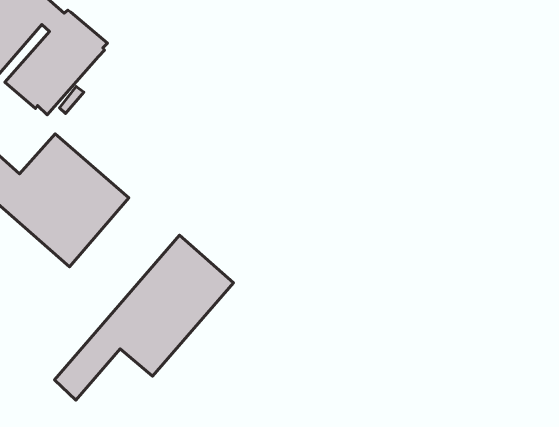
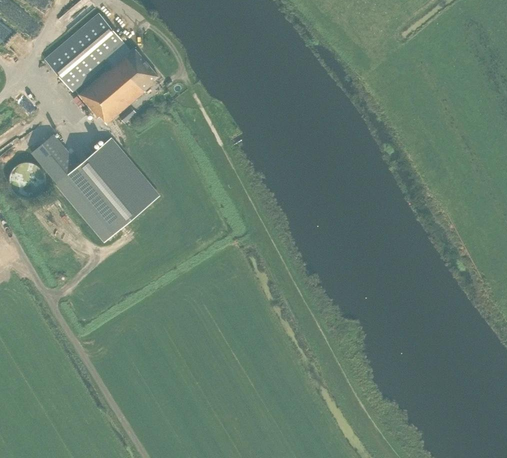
building: [54,235,234,400] -> none

